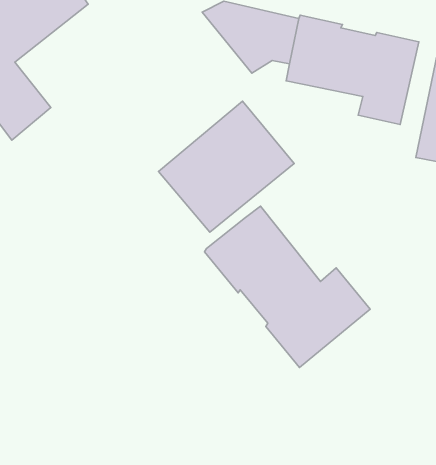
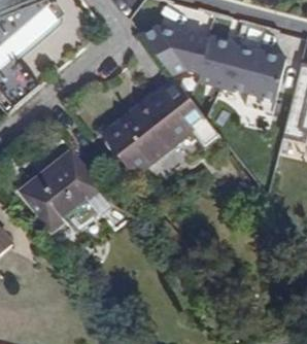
building: none -> [26,149,111,231]
building: [204,206,370,367] -> none

